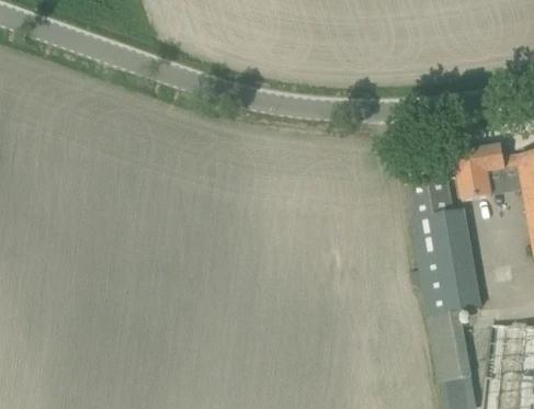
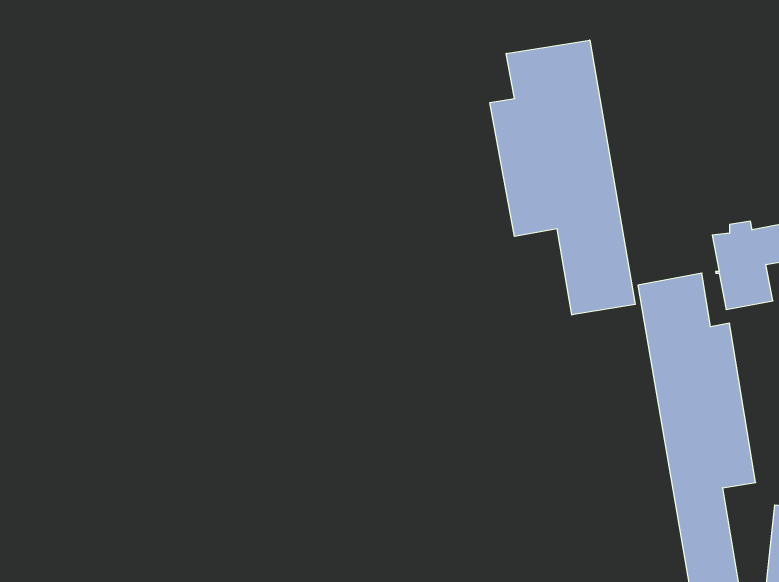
building: none -> [490,40,635,315]

